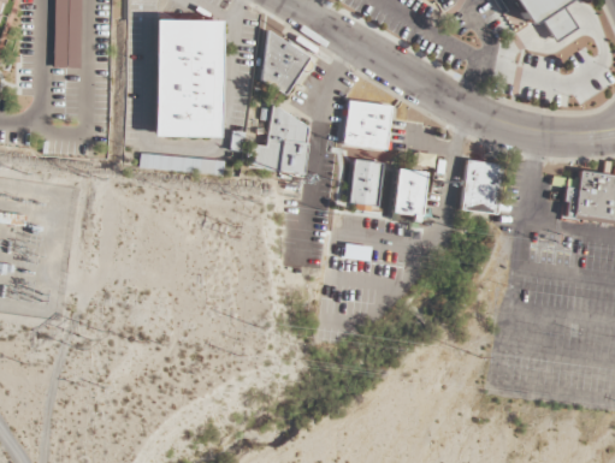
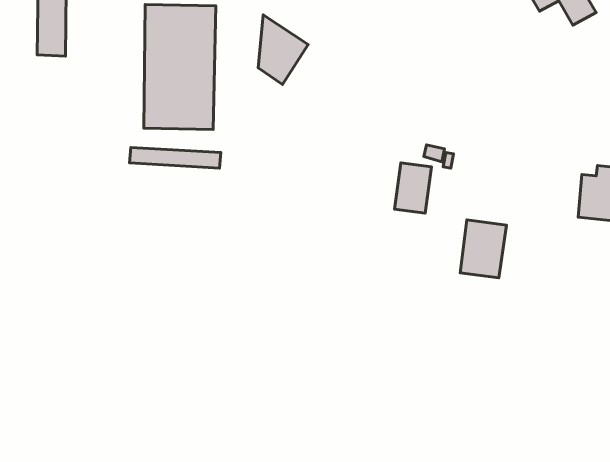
building: [345,100,394,148] -> none
building: [250,102,311,173] -> none
building: [349,158,384,204] -> none
building: [461,159,504,213] -> [460,220,507,278]

